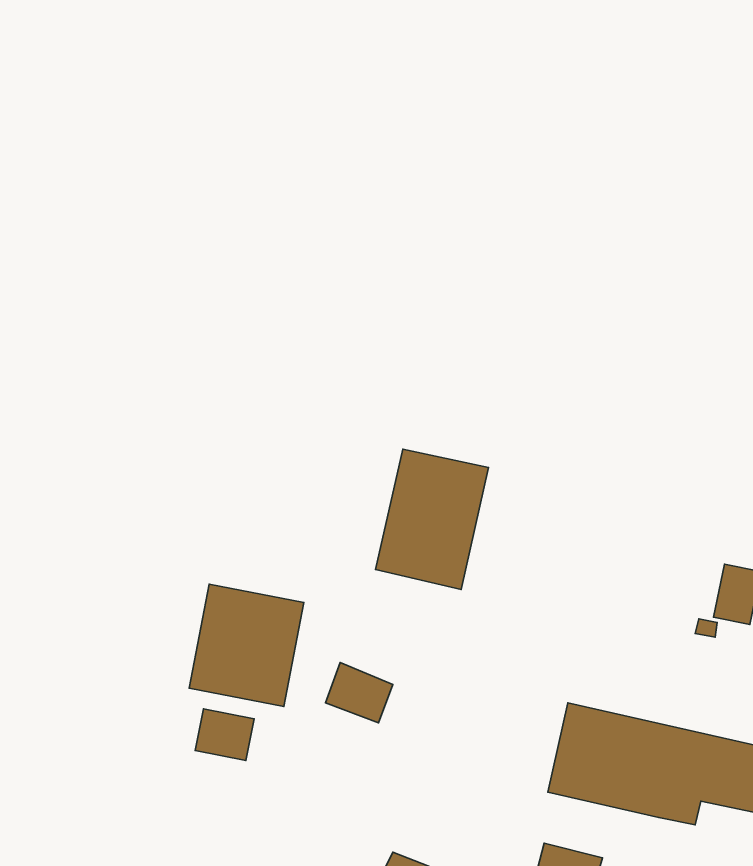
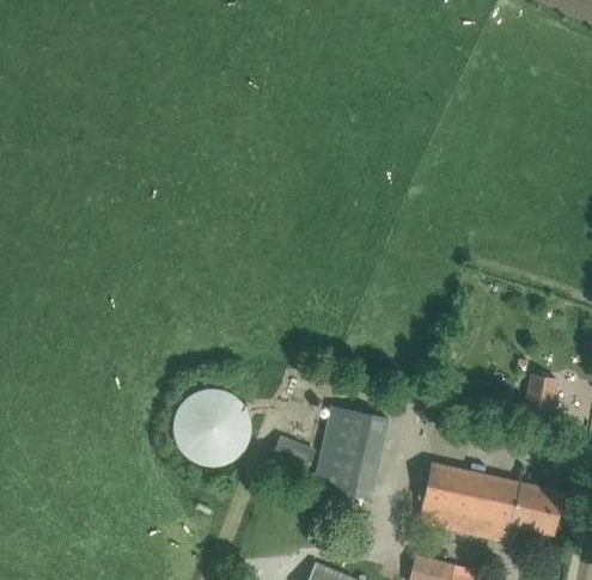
building: [375,449,488,590] -> [313,408,387,500]
building: [195,709,254,760] -> none

